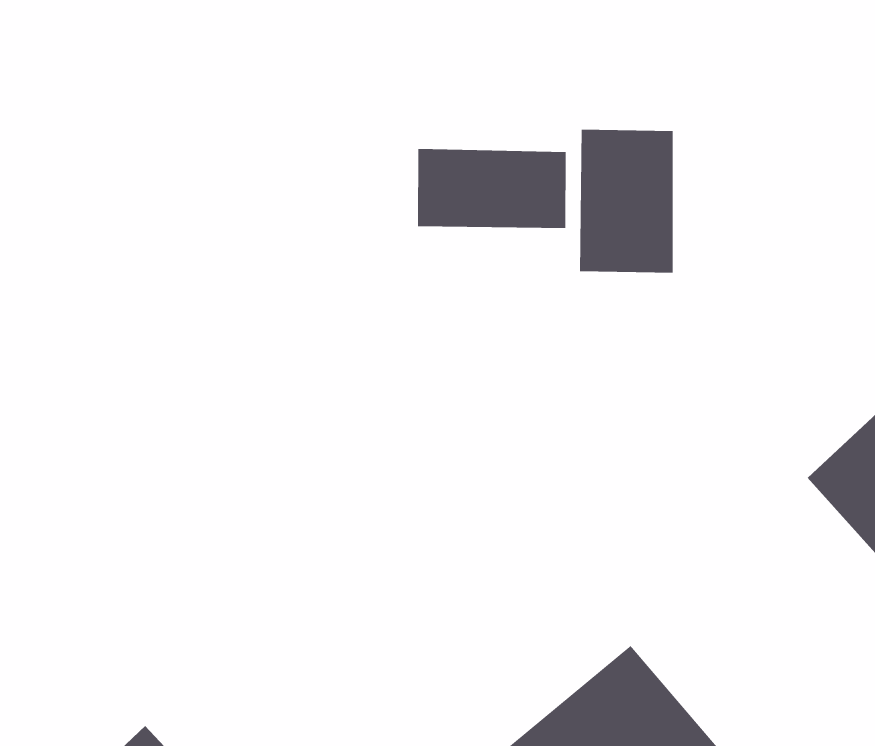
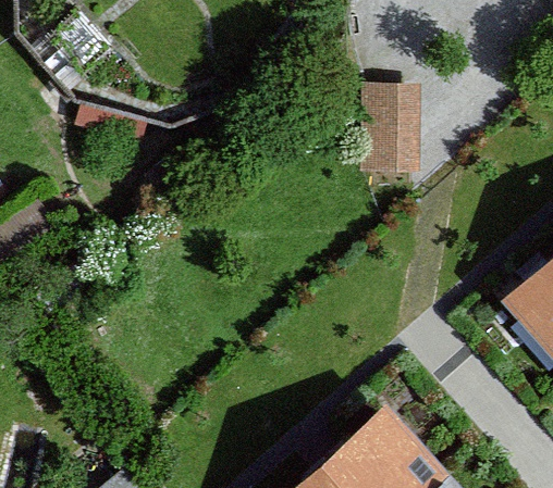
building: [417,148,566,229] -> none

